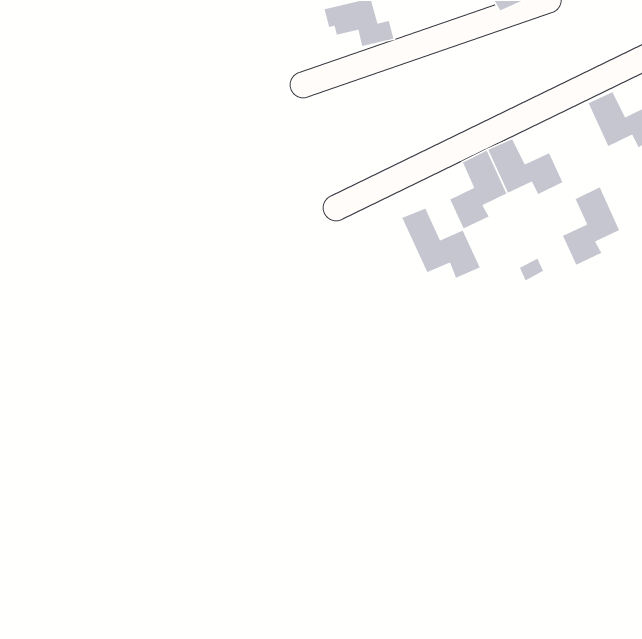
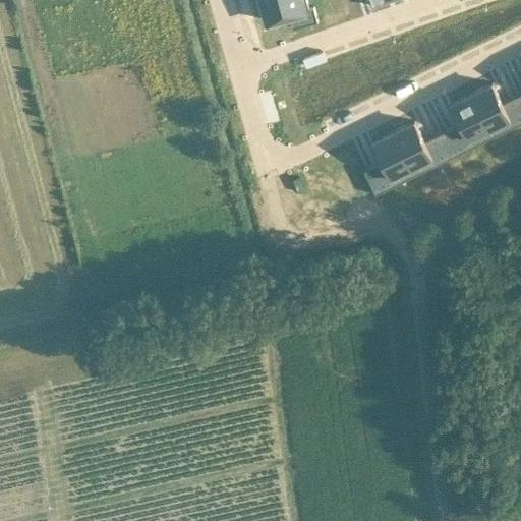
building: [562,186,620,266] -> [446,90,493,154]
building: [401,208,481,279] -> none

